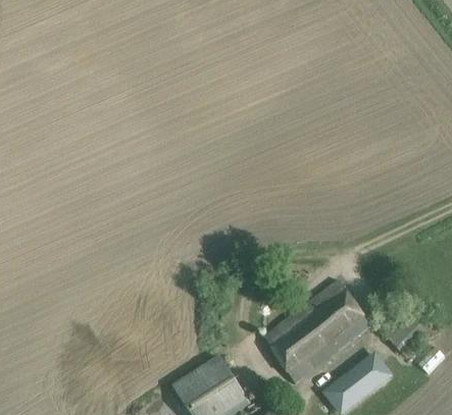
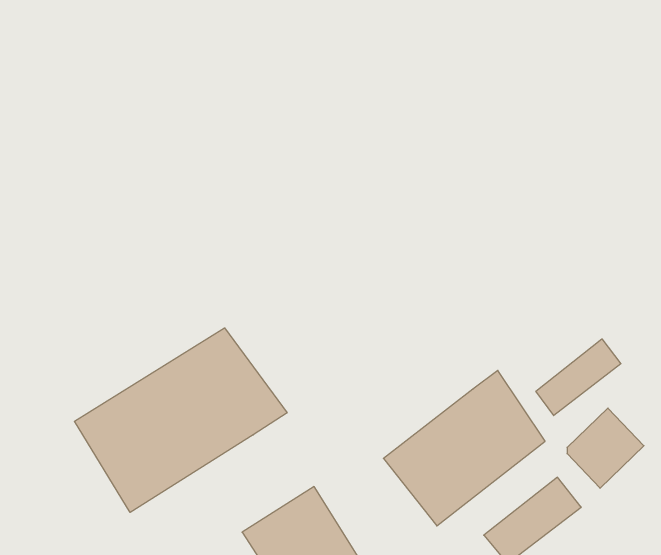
building: none -> [74,328,287,512]
building: none -> [536,339,621,416]

